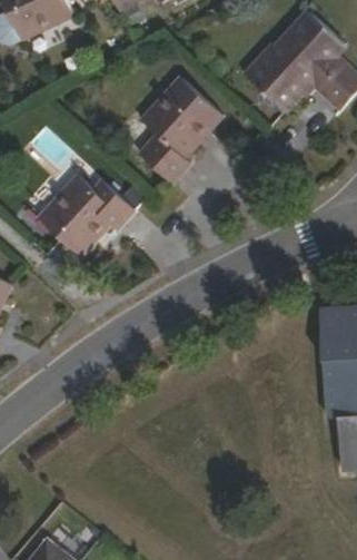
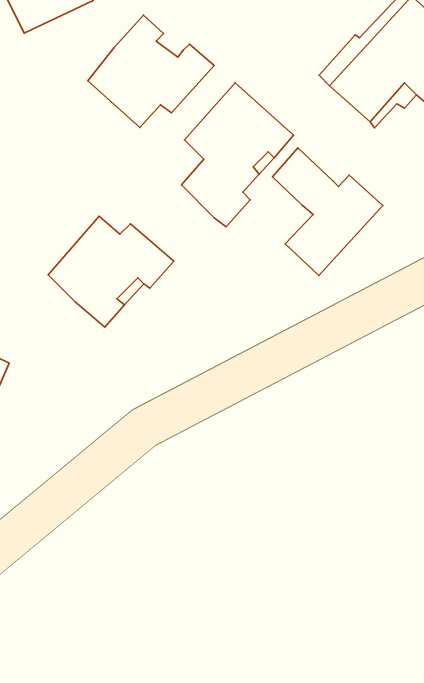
building: none -> [88,15,214,128]
building: none -> [273,148,383,275]

